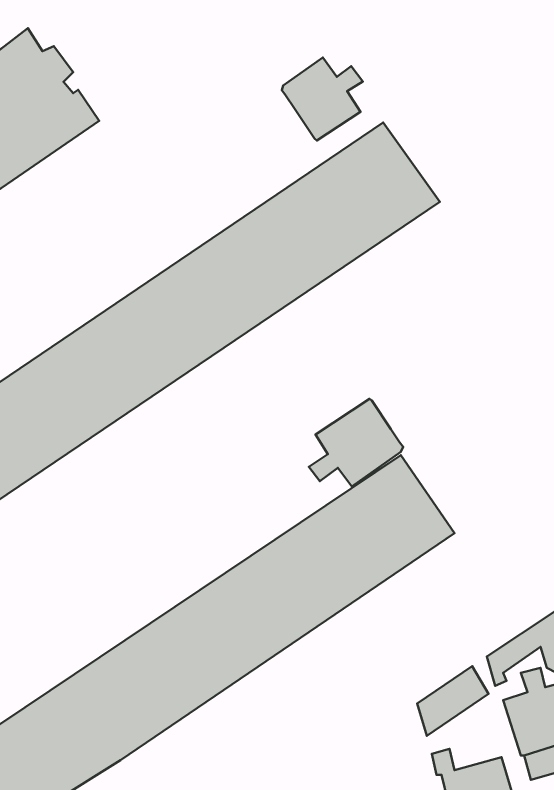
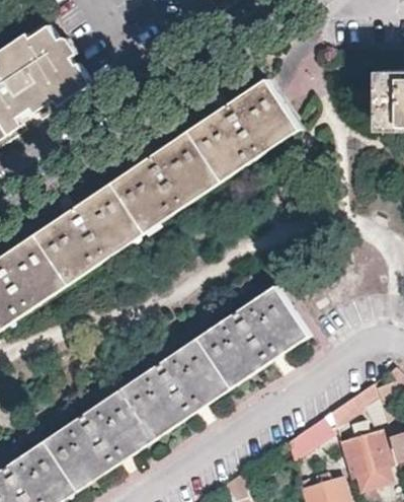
building: [282,58,363,140] -> none
building: [309,399,403,486] -> none

